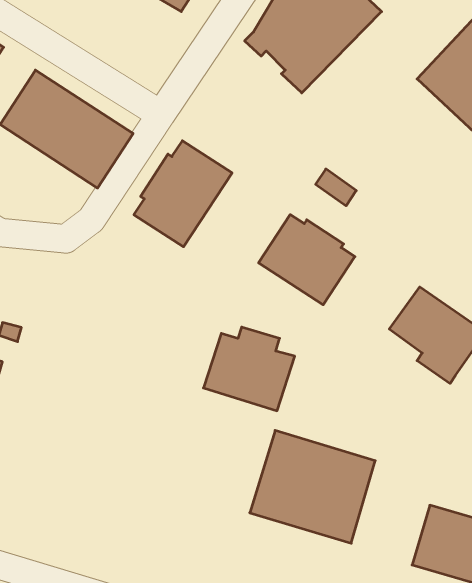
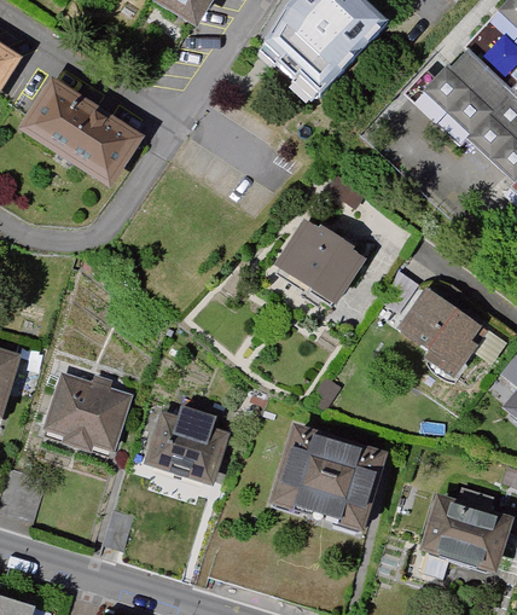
building: [134,141,232,247] -> none
building: [203,327,295,411] -> [139,404,226,483]
building: none -> [48,373,128,452]

